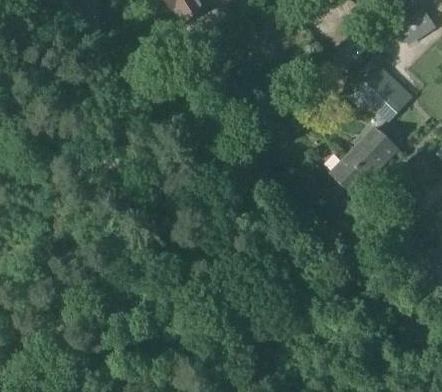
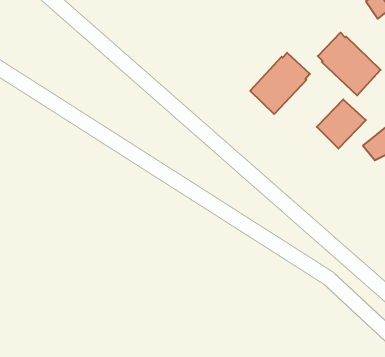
building: none -> [250,53,310,114]
building: [330,154,370,194] -> none

